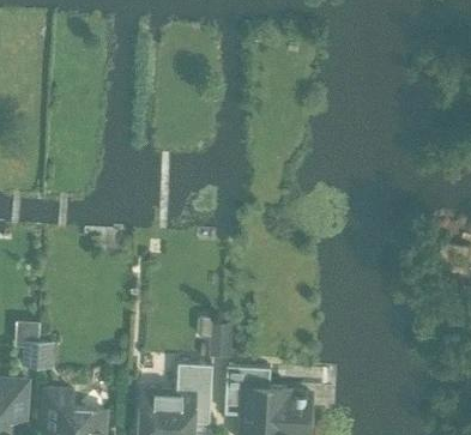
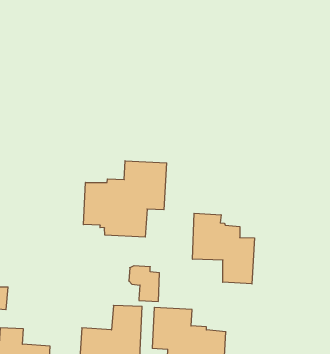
building: none -> [83,161,167,237]
building: none -> [193,213,254,284]

